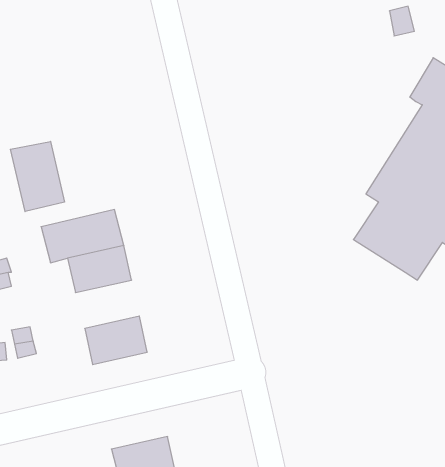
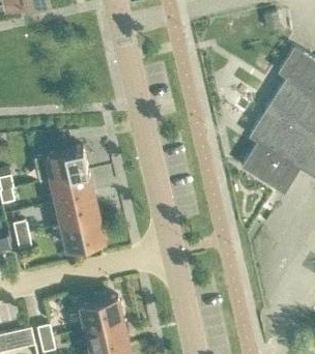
building: [10,141,64,212] -> none
building: none -> [56,194,98,226]

